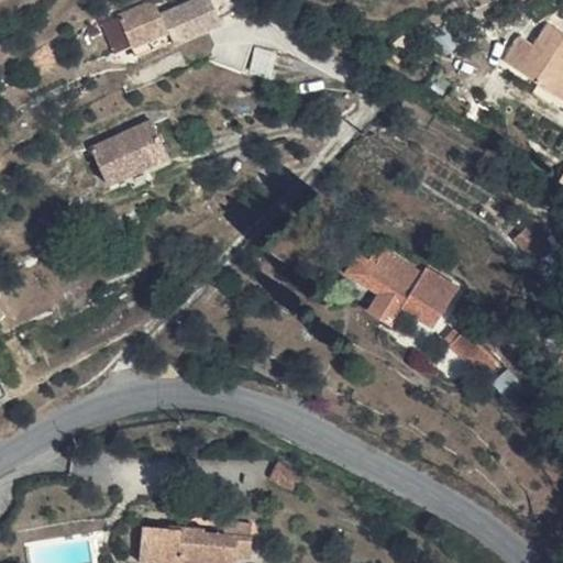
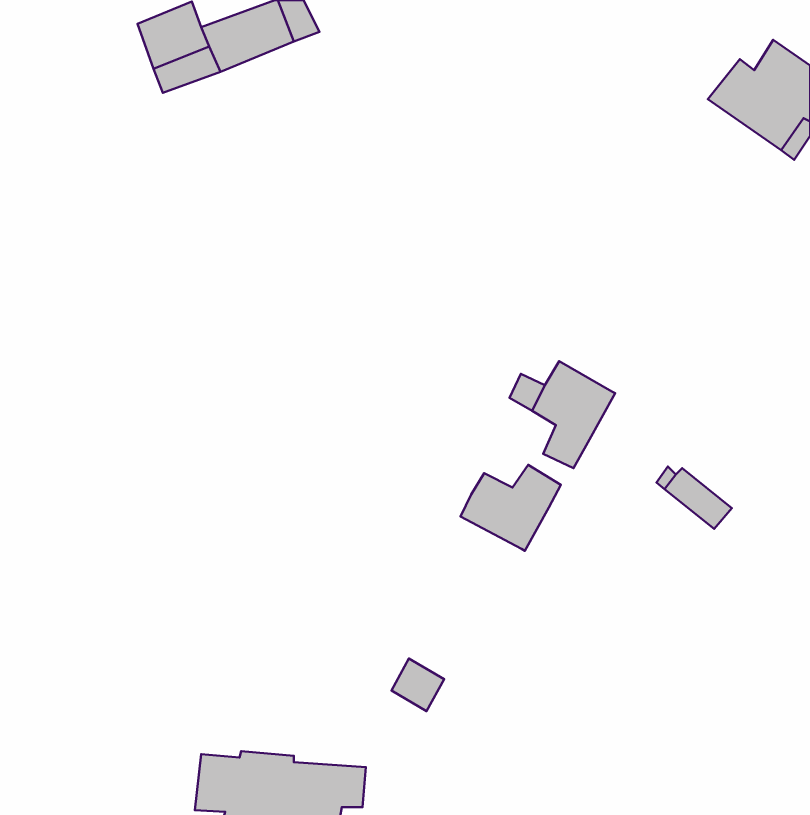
building: [93,122,167,180] -> none
building: [405,266,456,322] -> none
building: none -> [460,465,561,551]

